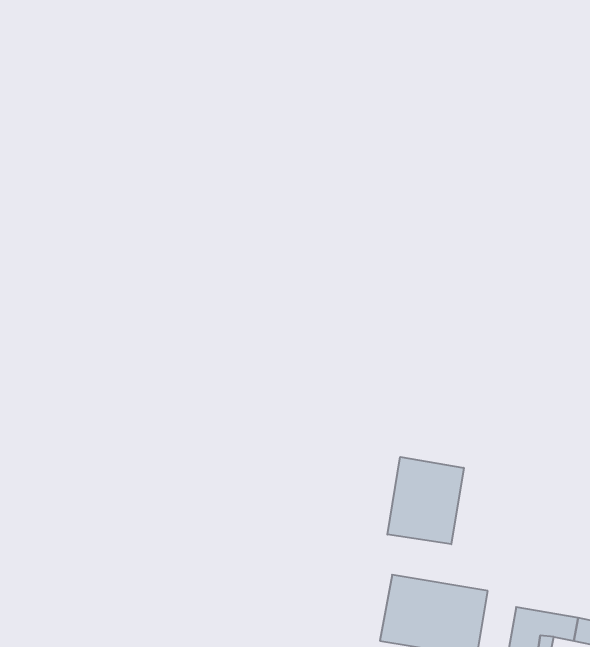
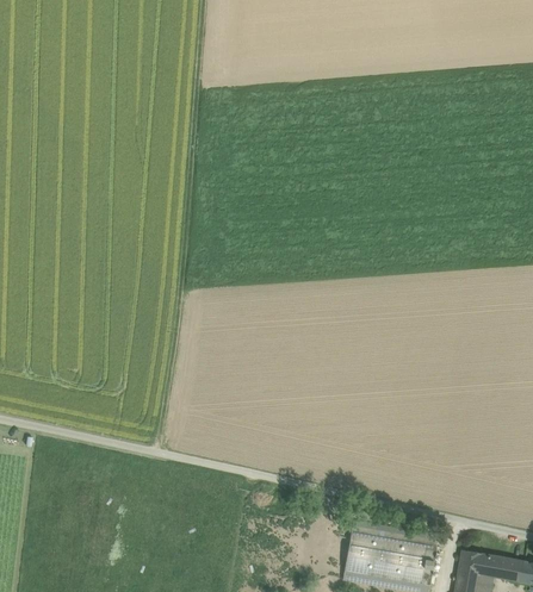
building: [387,457,464,544] -> none

